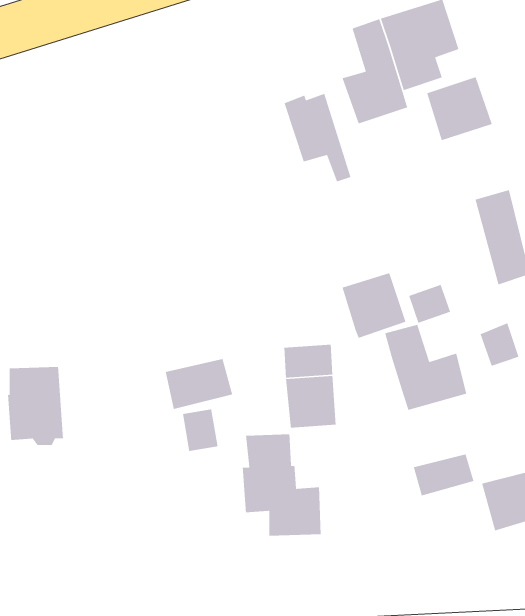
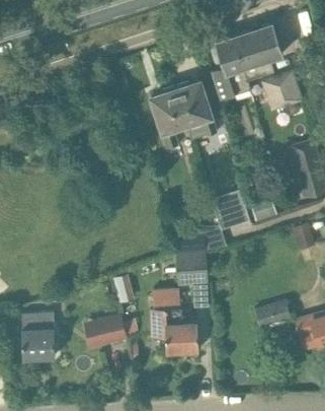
building: none -> [152,87,187,149]
building: [384,324,467,411] -> none
building: [165,358,233,410] -> [86,317,128,348]
building: [7,366,64,446] -> [21,313,56,361]

